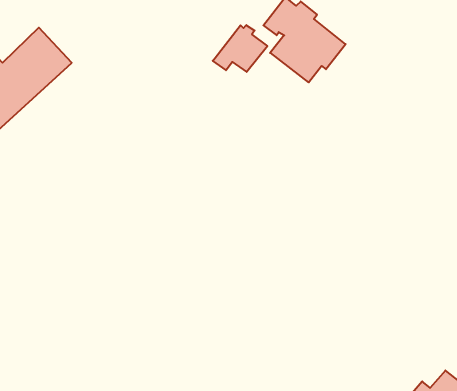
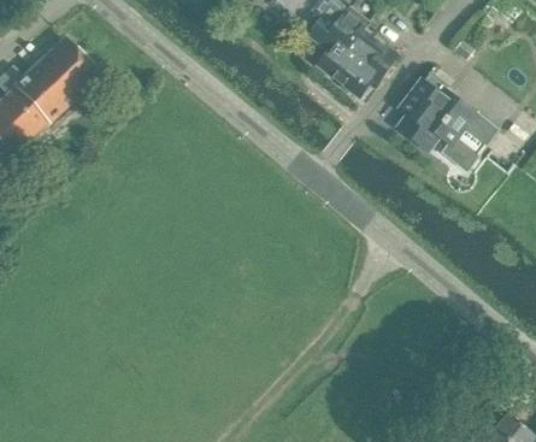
building: [213,25,267,72] -> none
building: none -> [396,75,495,171]

